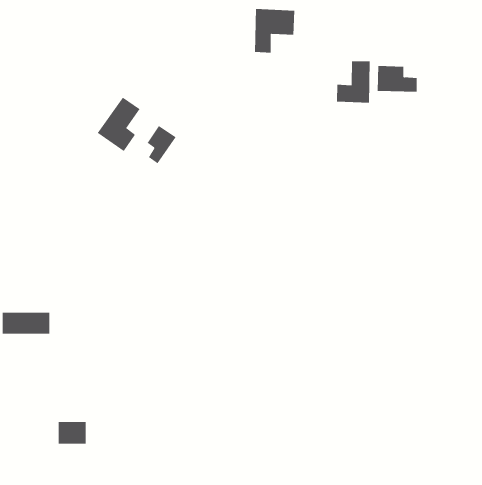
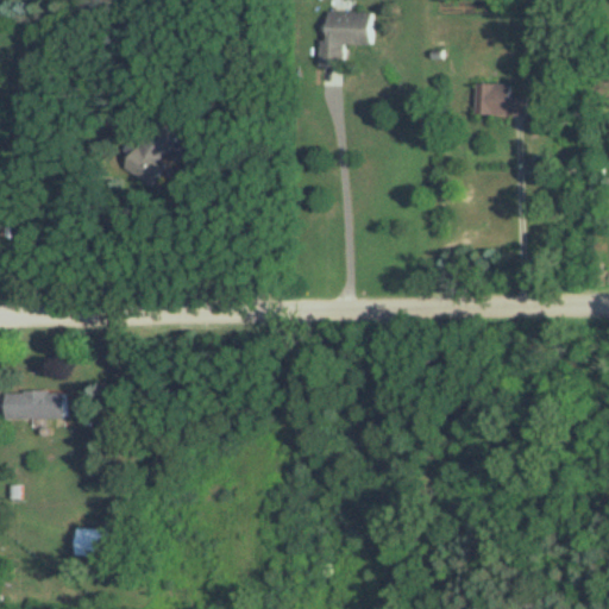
building: [337,60,370,104] -> none
building: [147,125,176,164] -> none

